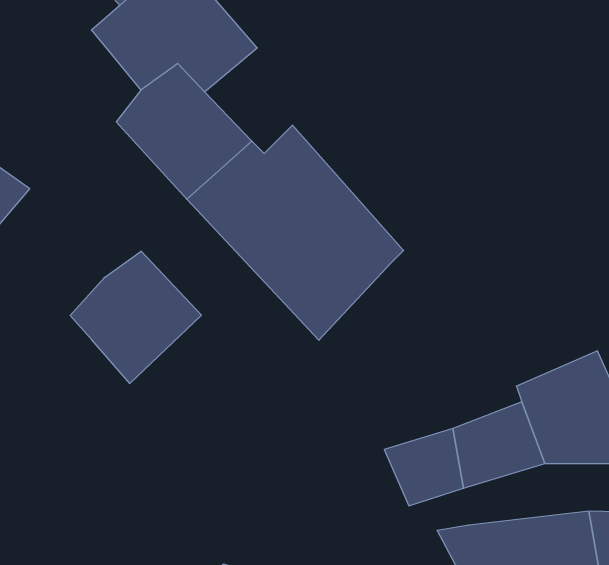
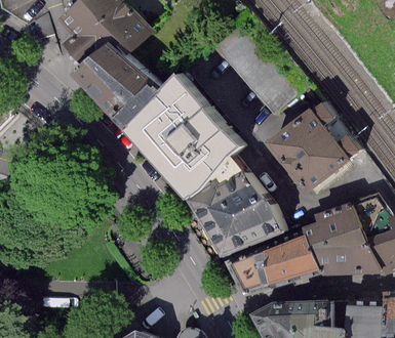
building: none -> [266,109,350,194]
building: [70,251,201,383] -> none
building: none -> [190,155,285,254]

